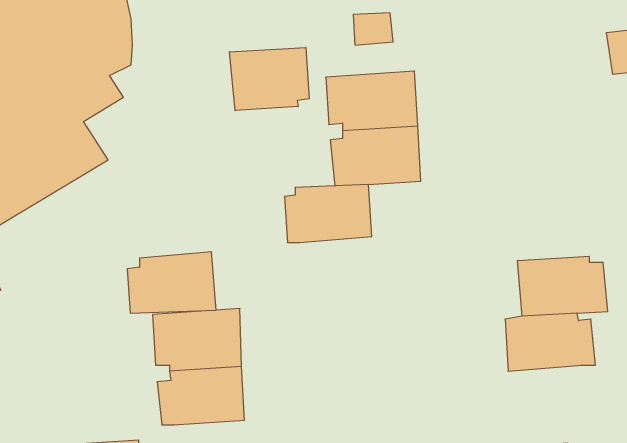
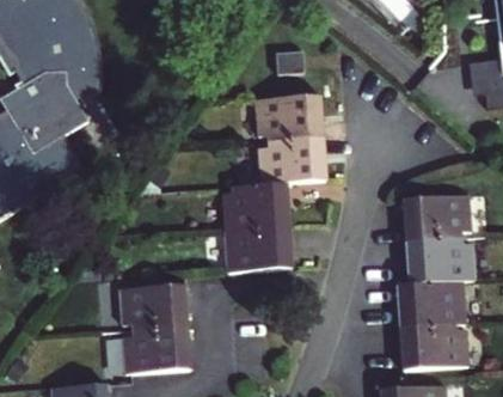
building: [229,47,309,111] -> none
building: none -> [400,196,470,244]
building: [127,252,216,313] -> [225,225,294,273]
building: none -> [397,325,466,372]

